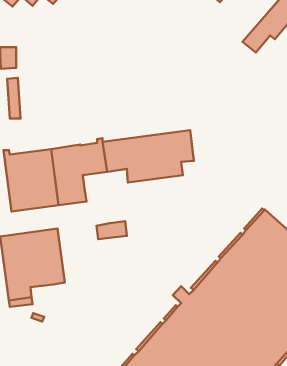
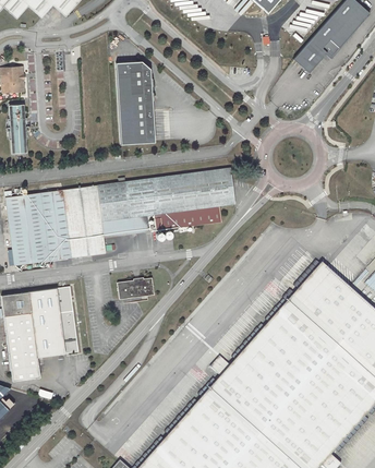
building: none -> [112,65,149,148]
building: none -> [101,215,149,238]

